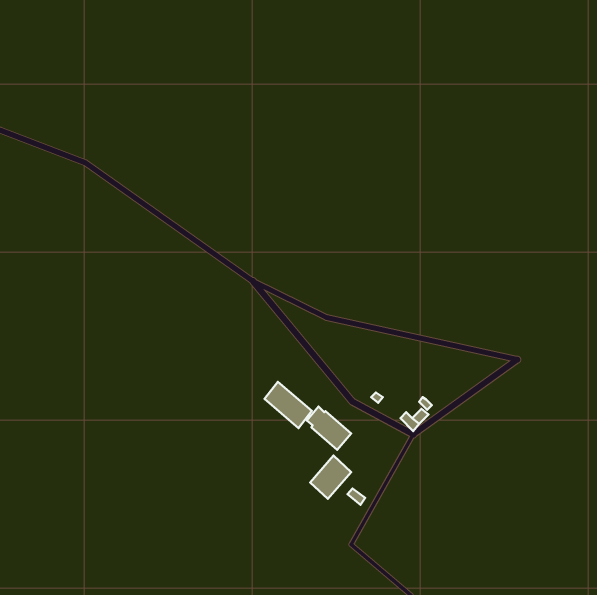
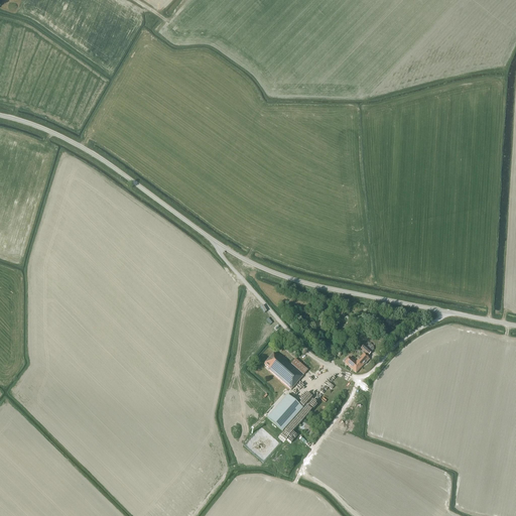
building: [265,382,312,428] -> none

